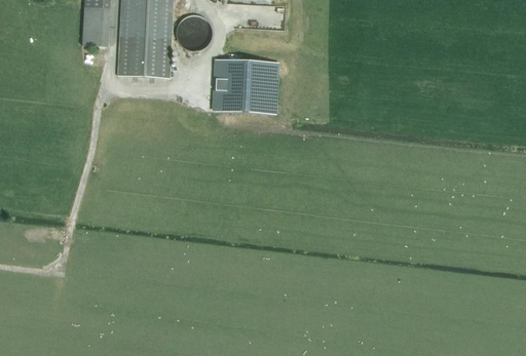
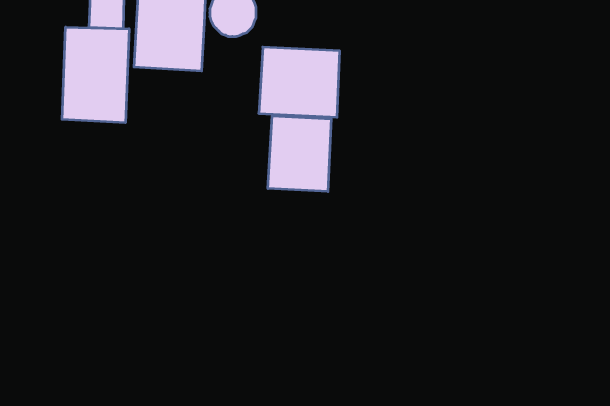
building: none -> [62,27,129,123]
building: none -> [268,116,331,192]

